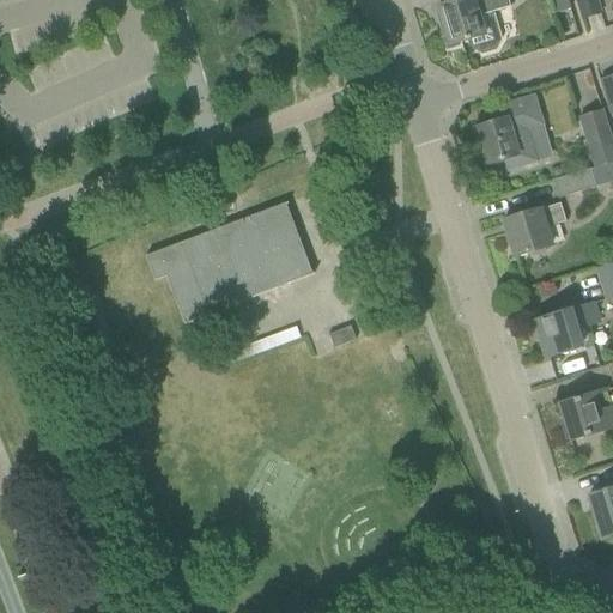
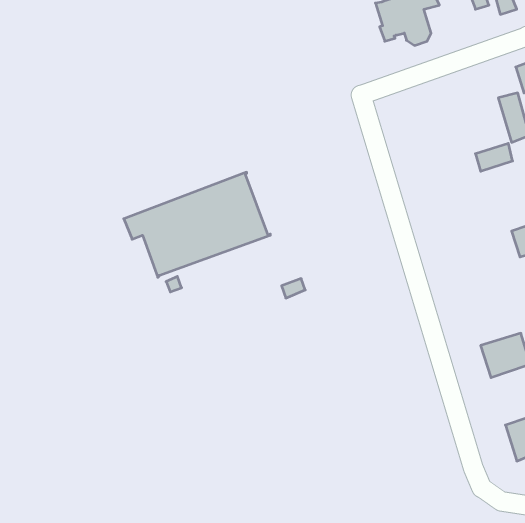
building: [475,92,545,168] -> none
building: [504,201,565,255] -> none
building: [535,301,607,356] -> none

